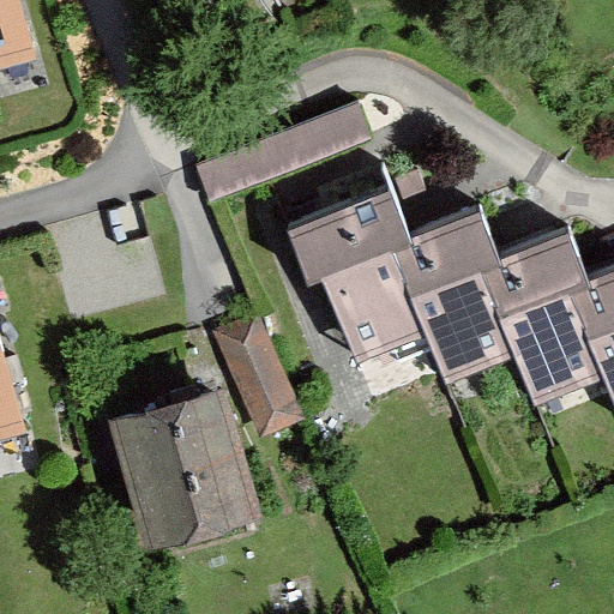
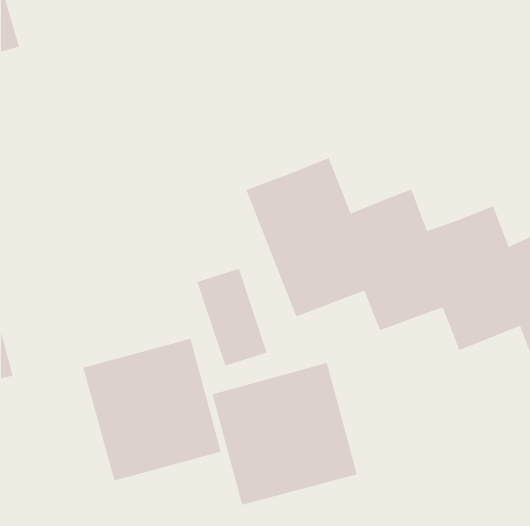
building: none -> [212,362,358,505]

